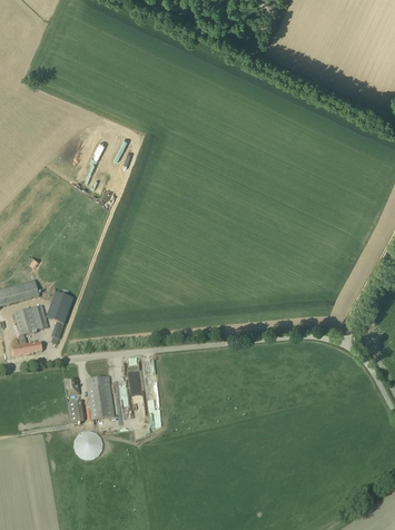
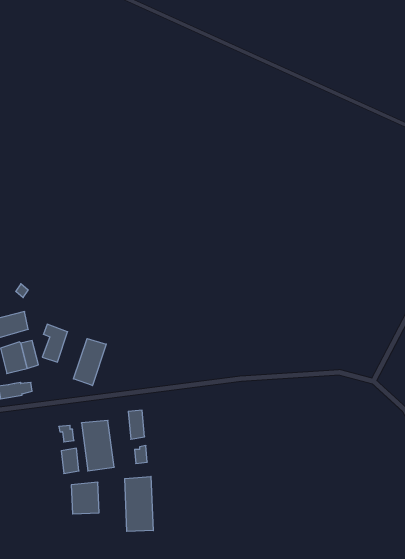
building: none -> [73,339,106,386]
building: none -> [125,476,153,531]

